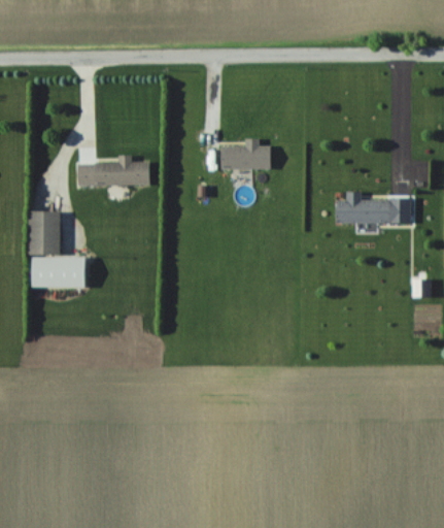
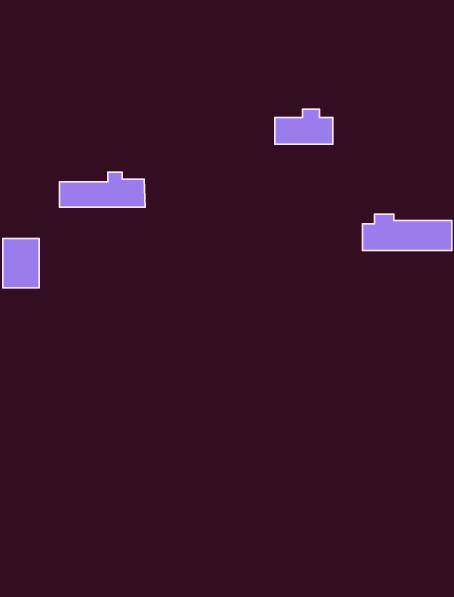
building: [221,139,271,169] -> [275,109,333,144]
building: [31,257,84,289] -> none

